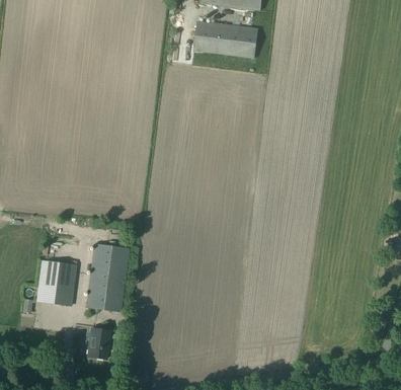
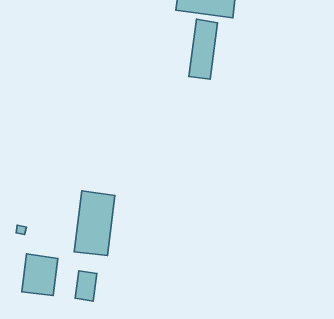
building: none -> [189,19,218,79]
building: [36,259,75,304] -> [22,254,58,296]

